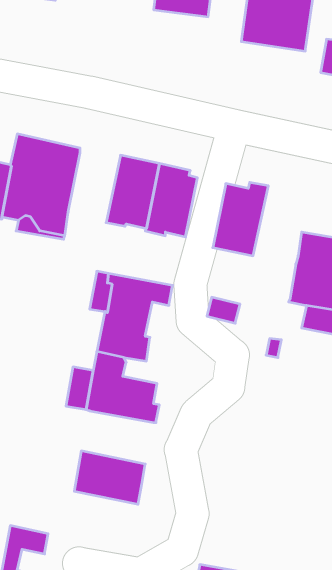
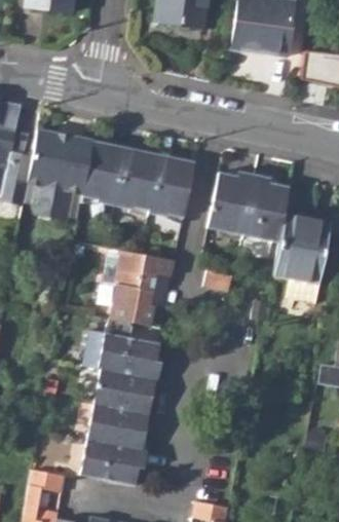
building: none -> [82,142,127,206]
building: none -> [242,174,291,241]
building: none -> [93,369,156,415]
building: none -> [80,439,148,485]

